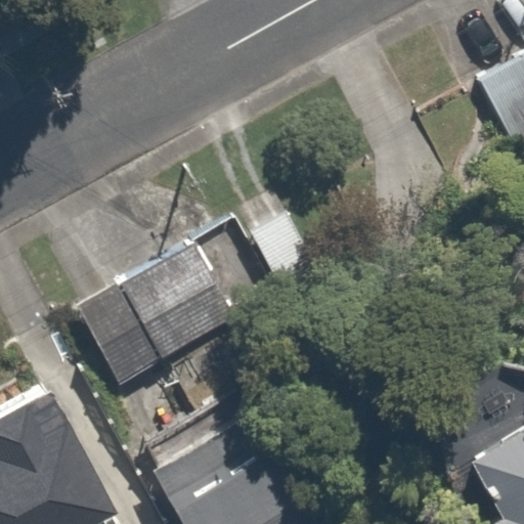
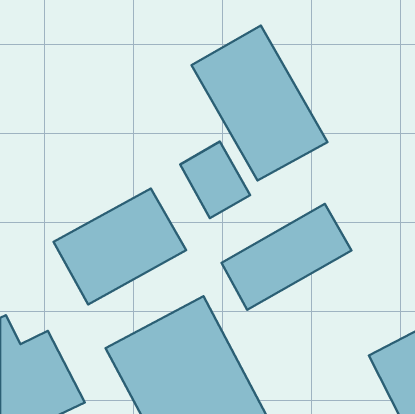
building: none -> [191,26,327,181]
building: none -> [222,204,351,310]

